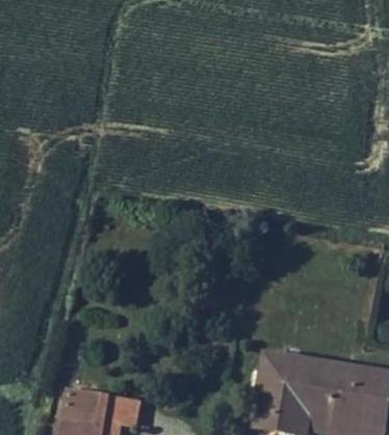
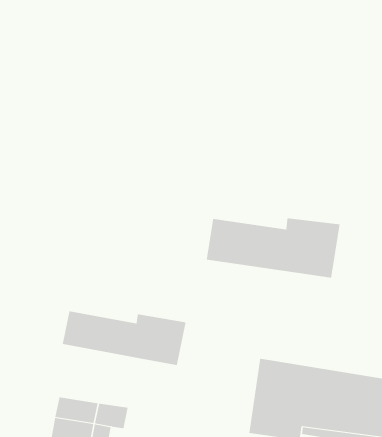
building: none -> [206,217,340,278]
building: none -> [62,310,186,366]

